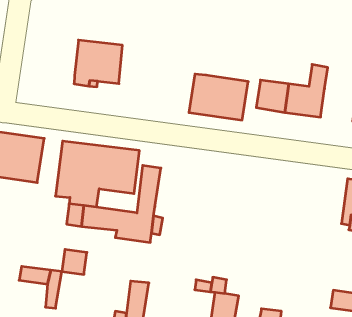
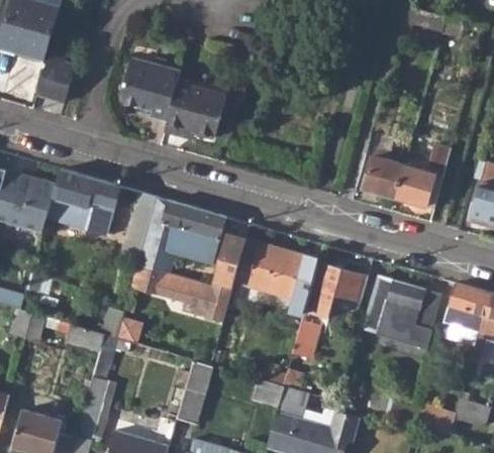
building: none -> [119,58,178,121]
building: [189,74,248,120] -> [233,239,305,299]
building: none -> [292,262,368,358]
building: none -> [363,275,440,348]

